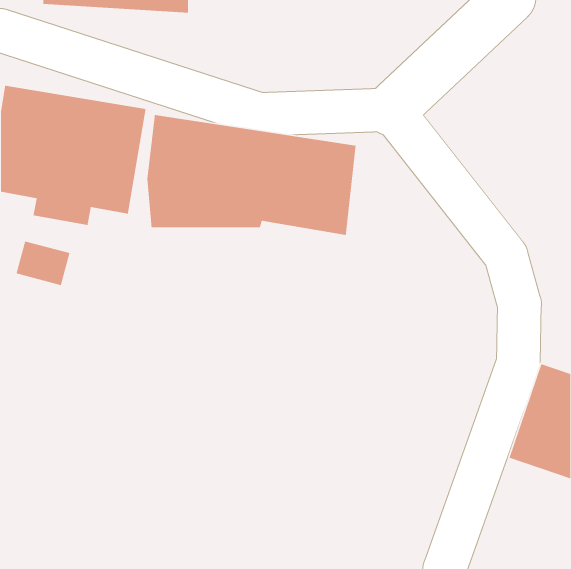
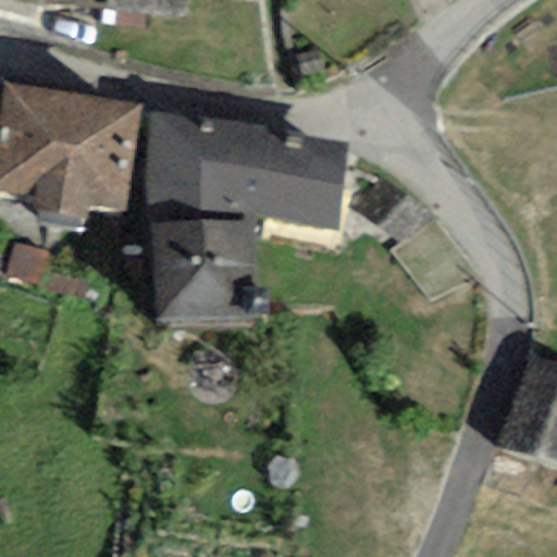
building: none -> [147,222,268,318]

